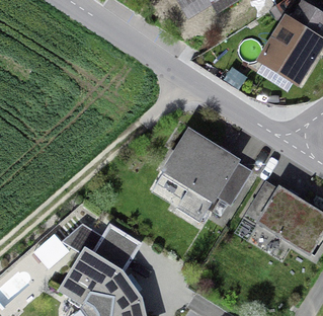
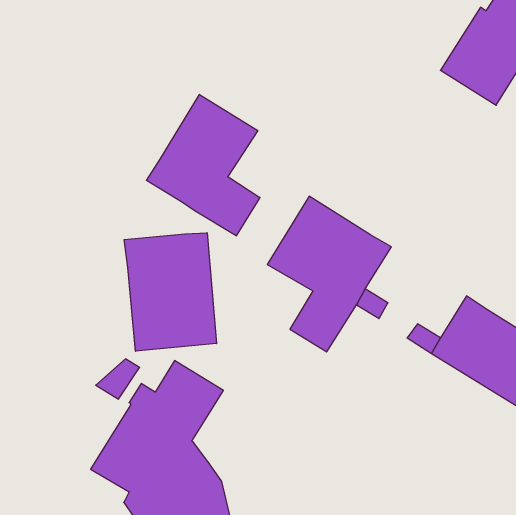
building: none -> [146,94,260,236]
building: none -> [124,233,217,351]

